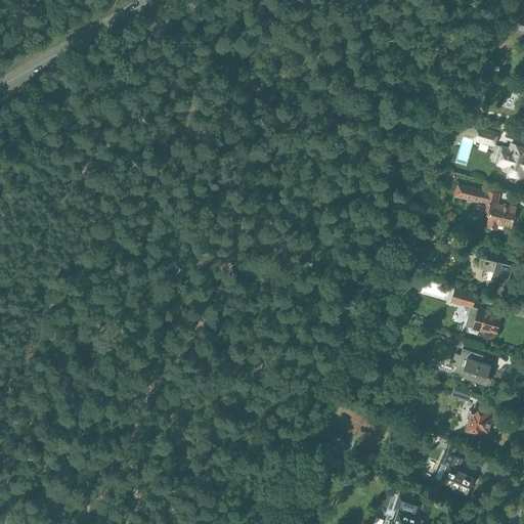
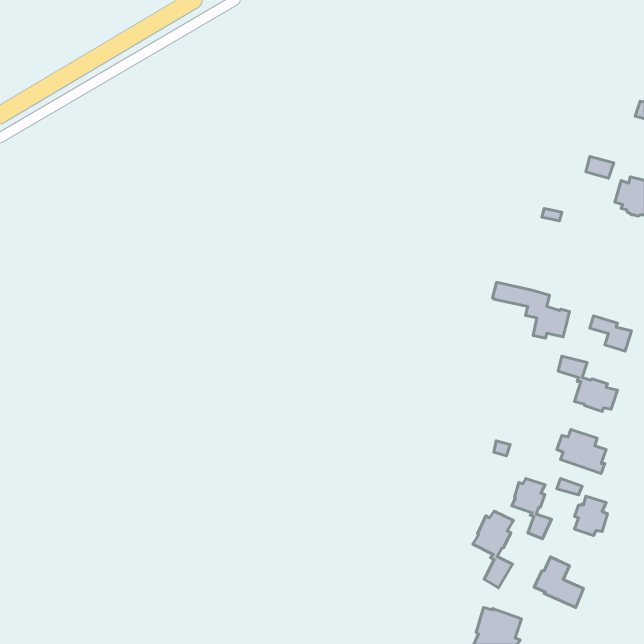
building: [454,184,517,229] -> [493,283,570,338]
building: none -> [512,478,551,539]
building: none -> [473,511,514,588]

